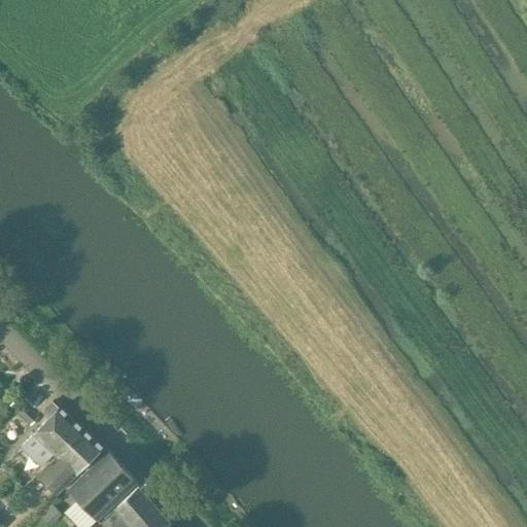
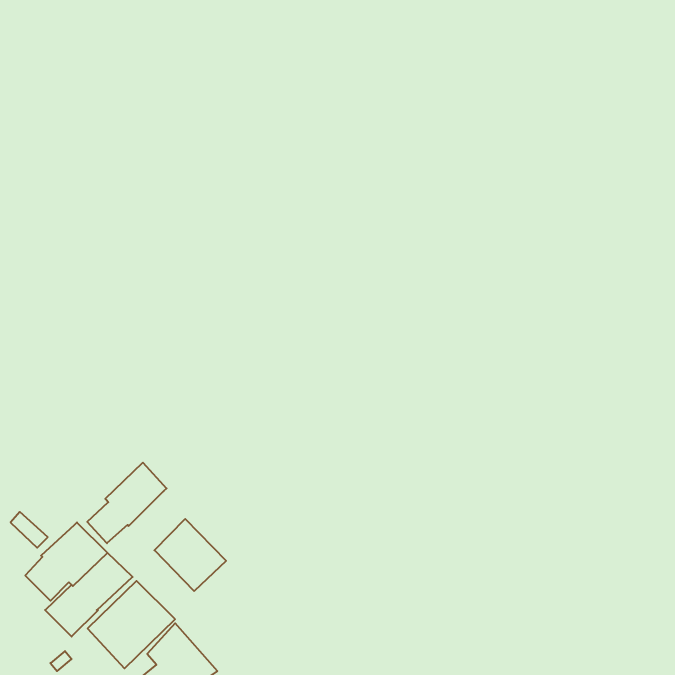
building: none -> [87,463,167,543]
building: none -> [154,519,226,591]

